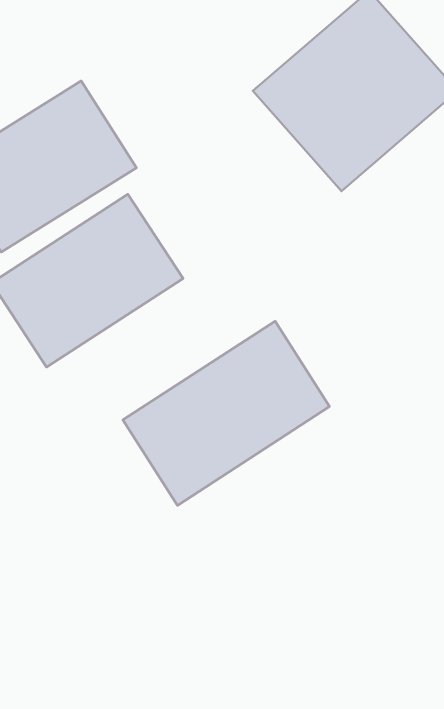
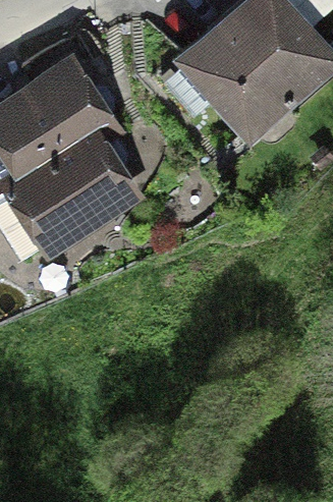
building: [123,321,330,505] -> none

